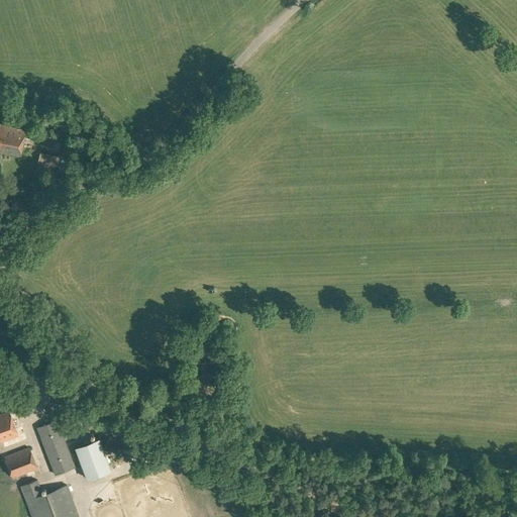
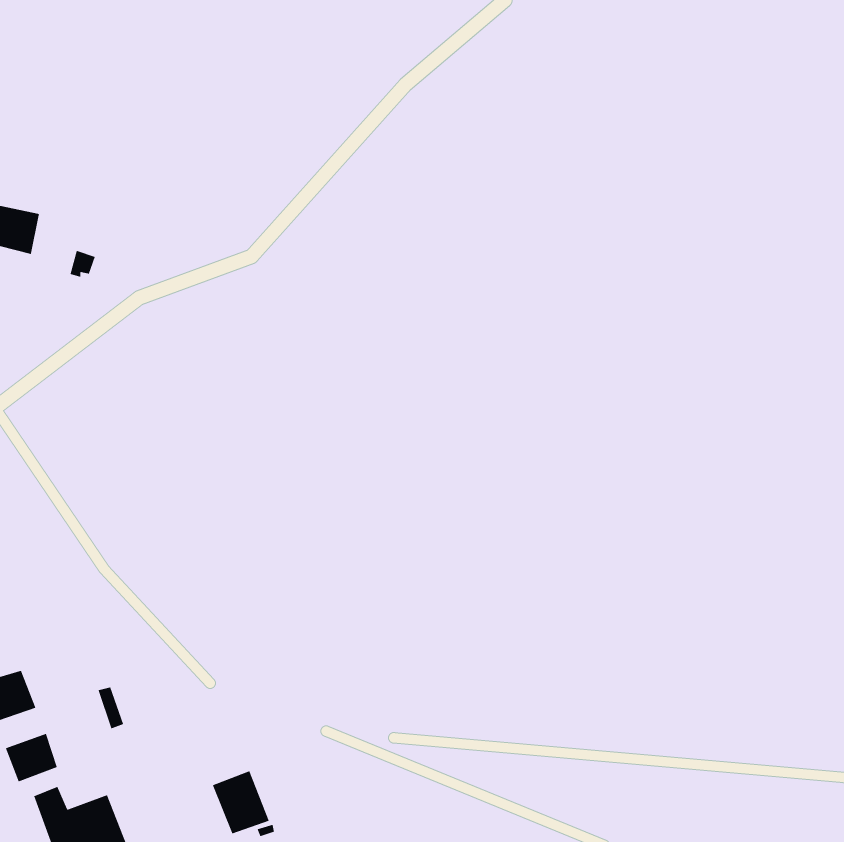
building: [36,422,73,476] -> none
building: [74,440,109,480] -> [212,770,270,835]

